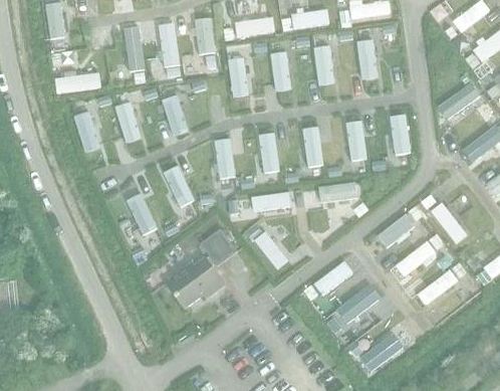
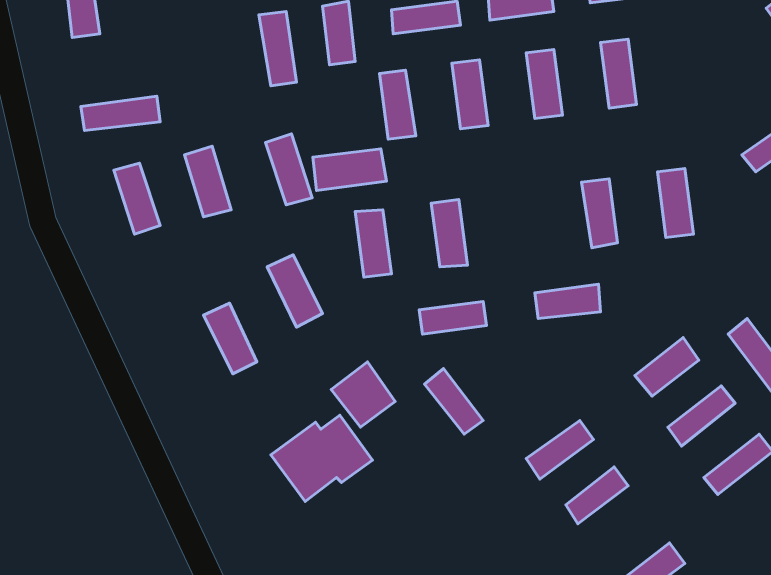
building: [123,26,145,71] -> none
building: none -> [313,149,386,190]
building: [302,127,323,166] -> none

